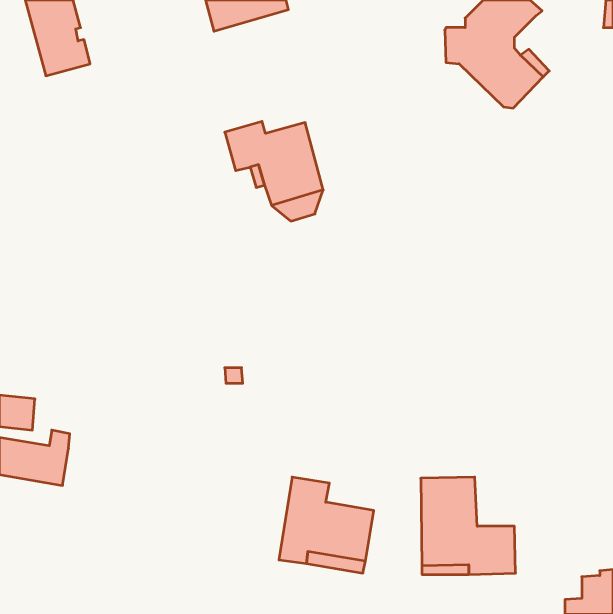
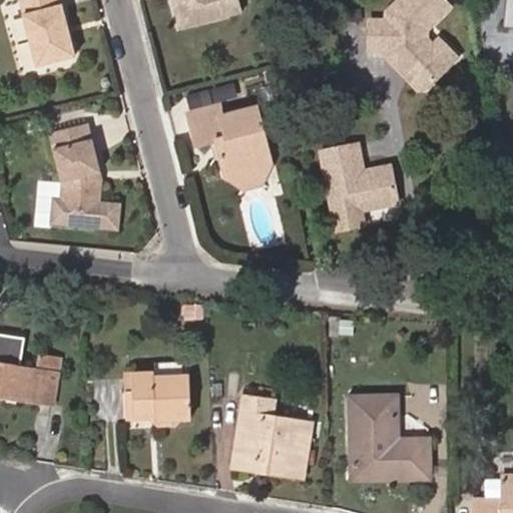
building: none -> [45,119,119,224]
building: none -> [323,146,400,232]
building: none -> [123,373,189,420]

